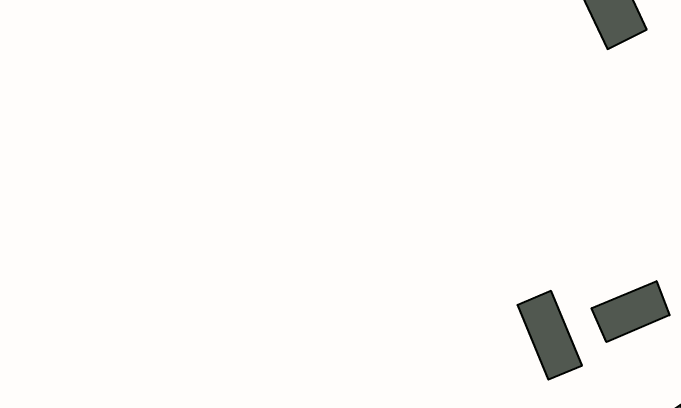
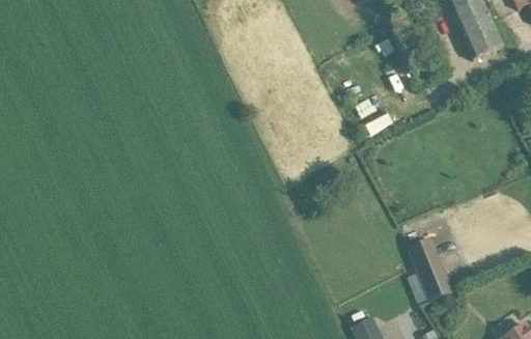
building: [592,281,670,342] -> none

